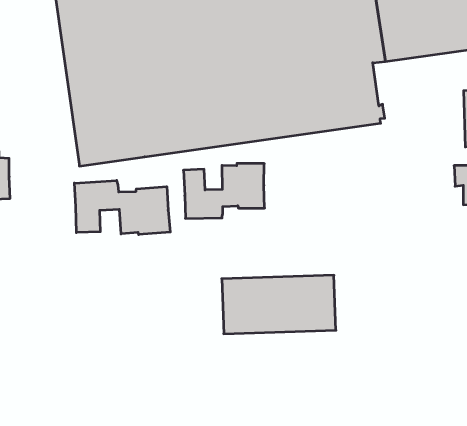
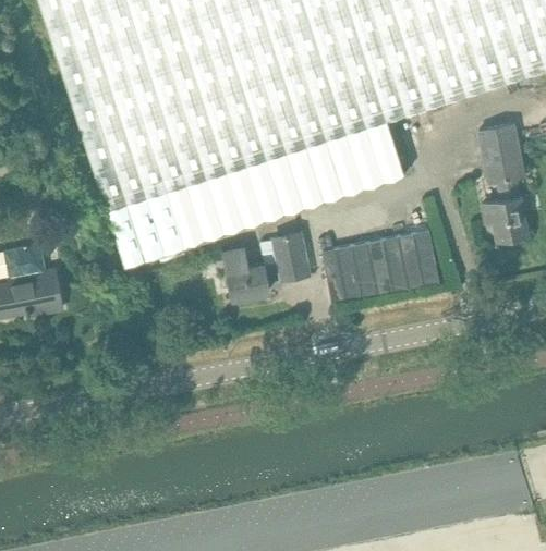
building: [74,180,170,235] -> none
building: [222,275,336,334] -> [321,229,439,303]

